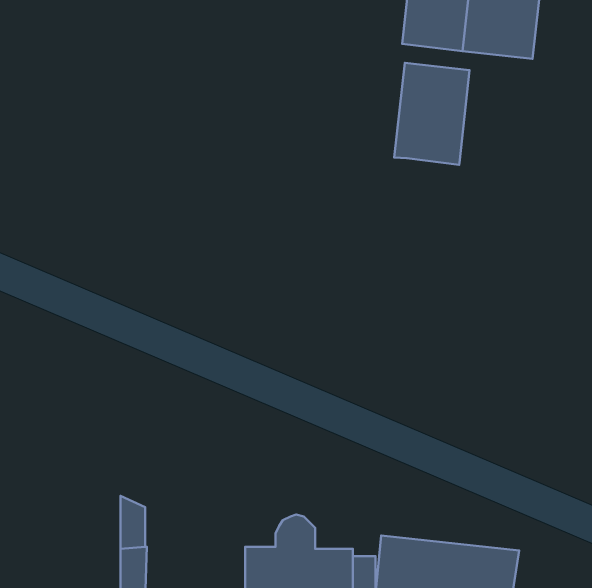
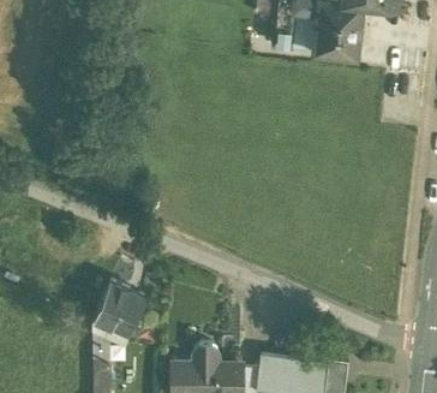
building: [394,63,470,165] -> none
building: none -> [96,284,145,335]

